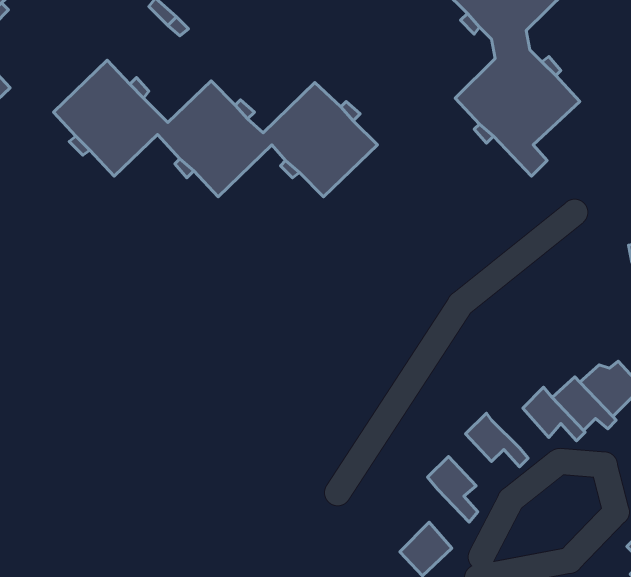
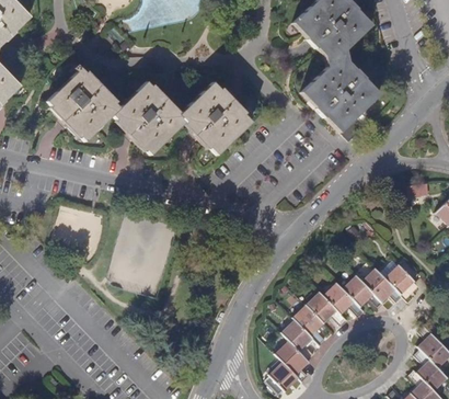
building: none -> [323,283,362,317]
building: none -> [293,305,326,345]
building: none -> [276,340,309,381]

